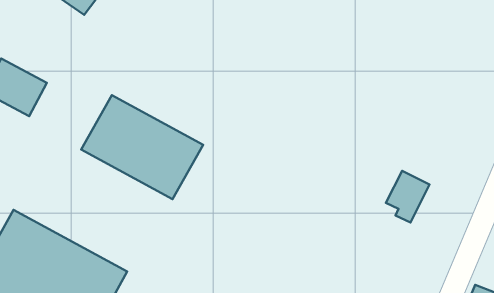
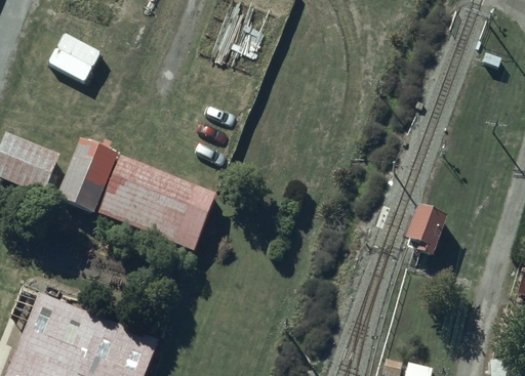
building: none -> [58,141,122,217]

